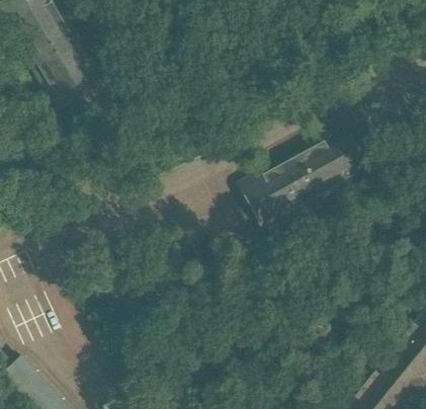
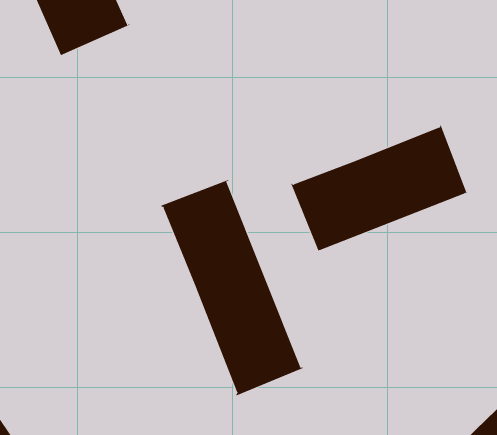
building: none -> [161,179,304,396]

